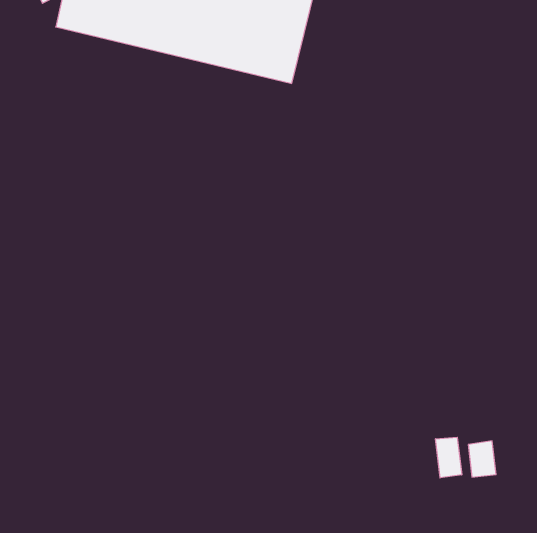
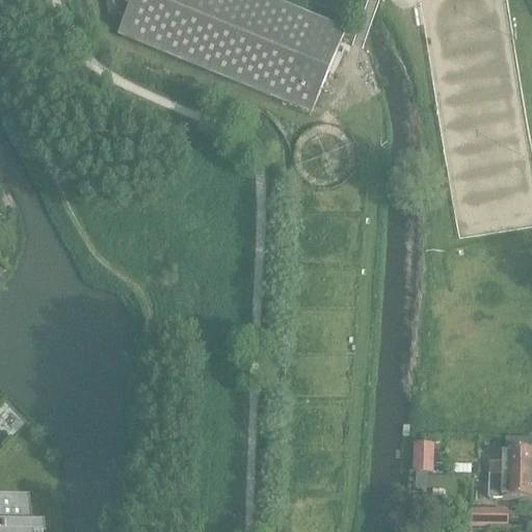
building: [436,437,462,478] -> none

